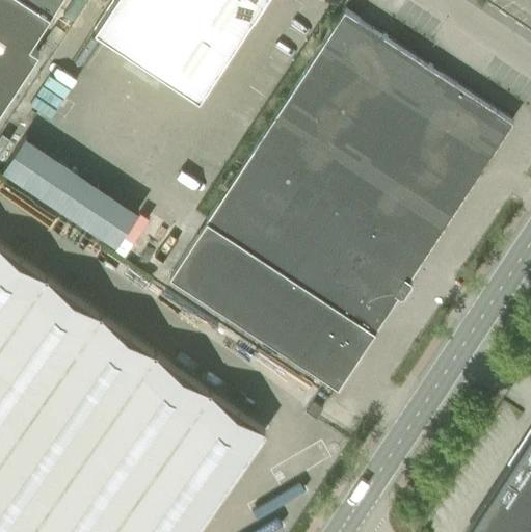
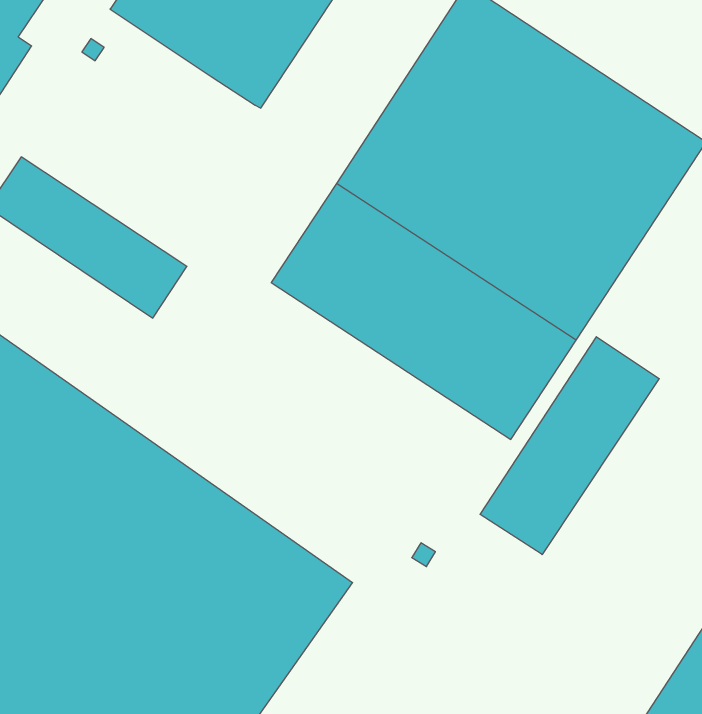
building: [168,227,374,393] -> none
building: none -> [480,337,659,555]

